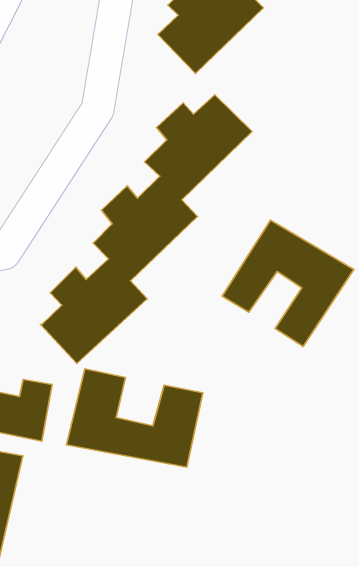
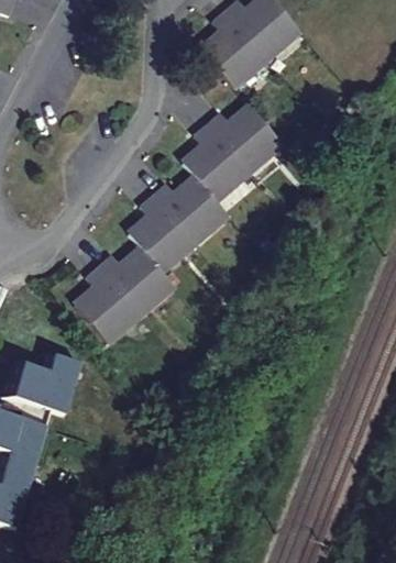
building: [222,220,354,347] -> none
building: [66,369,203,467] -> none

